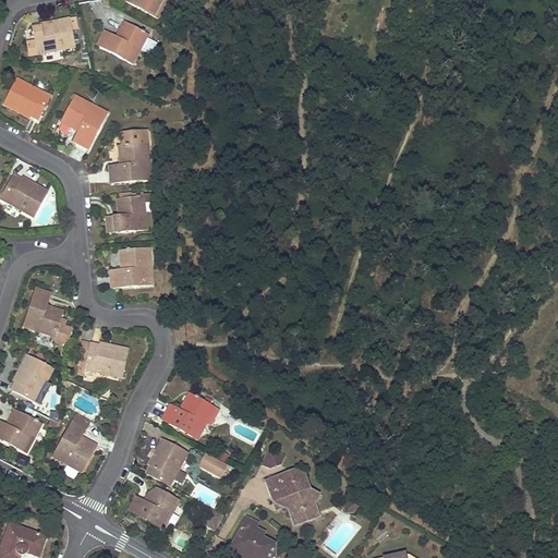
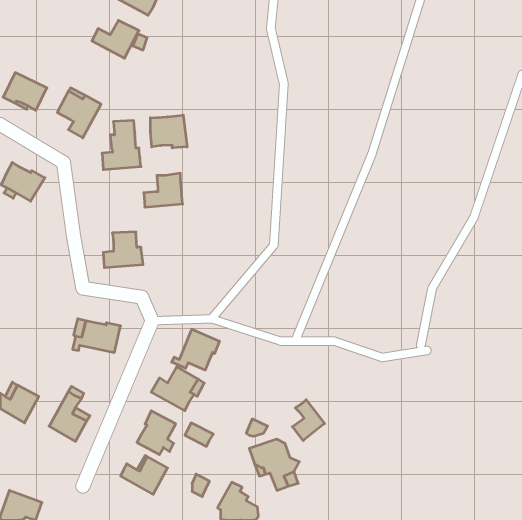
building: [27,15,75,54] -> none
building: none -> [150,115,187,148]
building: [106,195,147,231] -> [144,173,183,207]
building: [23,288,74,343] -> none
building: none -> [172,329,219,370]
building: [12,353,53,401] -> none
building: none -> [292,400,325,441]

